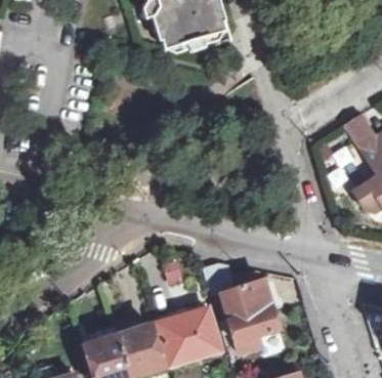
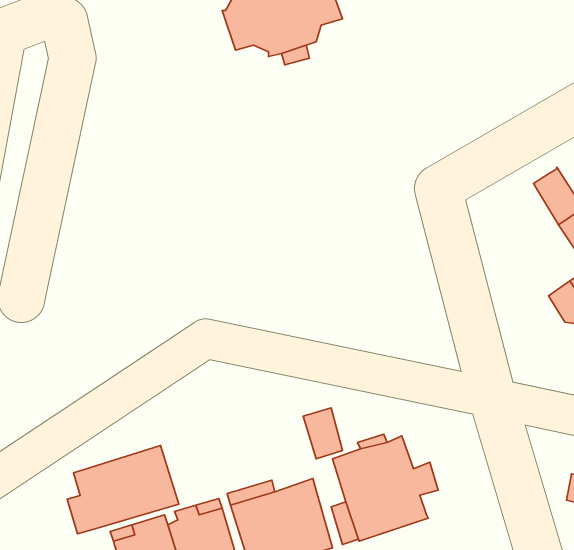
building: none -> [67,446,179,534]

